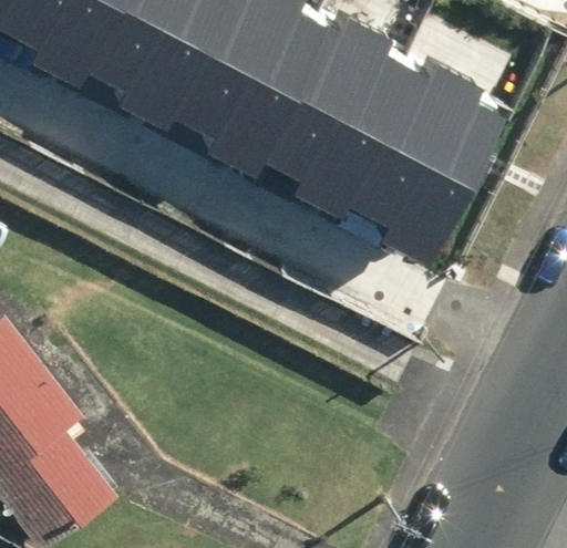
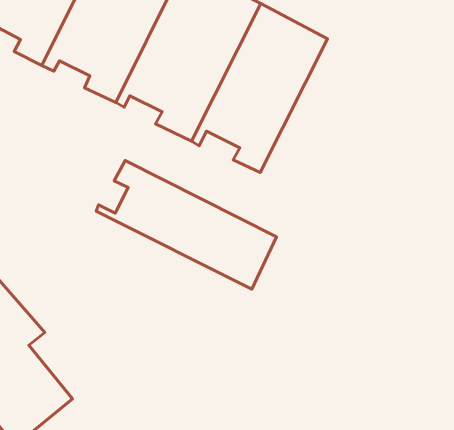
building: [329,50,517,268] -> none
building: none -> [96,161,277,289]

